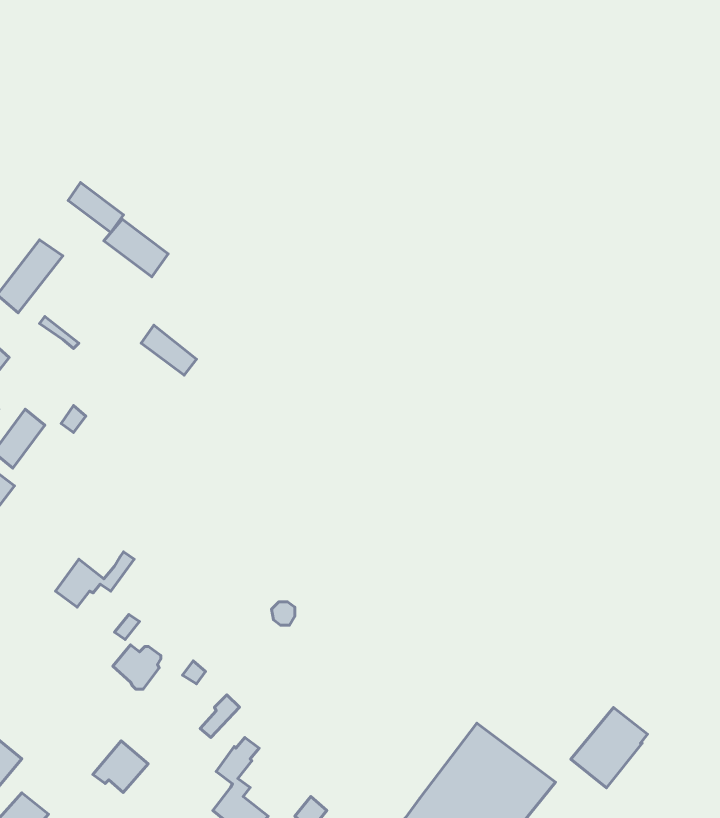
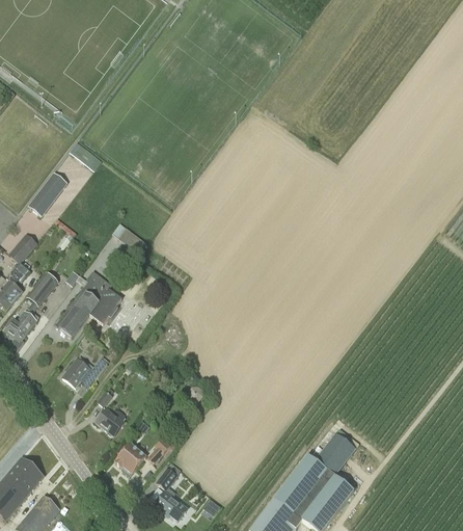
building: [104,219,168,277] -> none
building: none -> [56,271,122,338]
building: [571,708,648,788] -> [316,428,360,475]
building: [93,741,148,792] -> [114,443,146,473]

